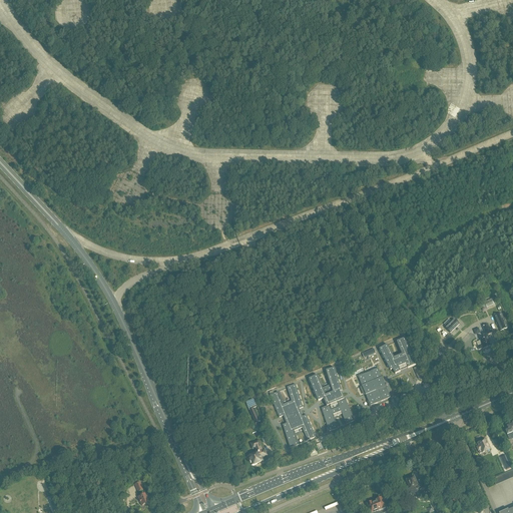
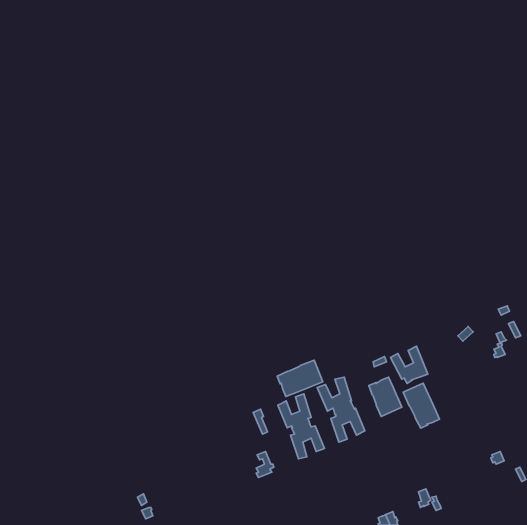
building: none -> [277,360,323,397]
building: none -> [403,383,439,428]

